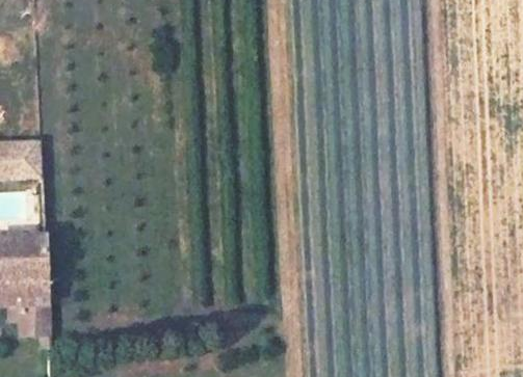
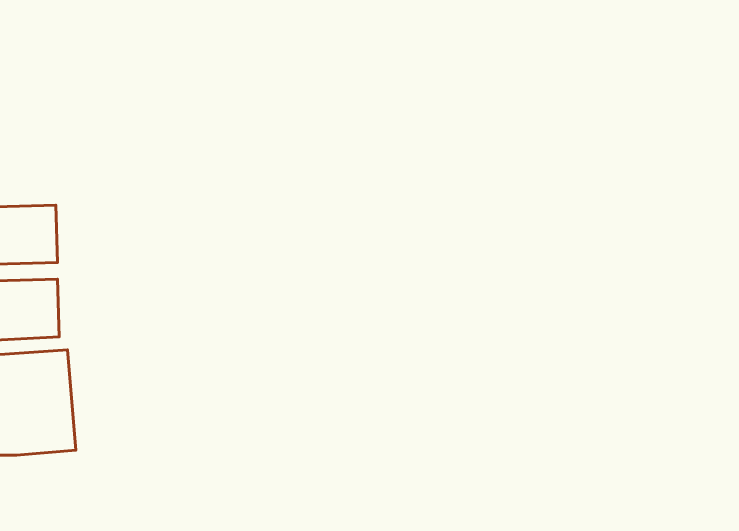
building: [11,296,51,333] -> none

